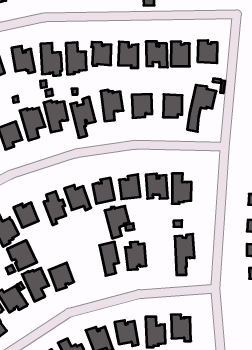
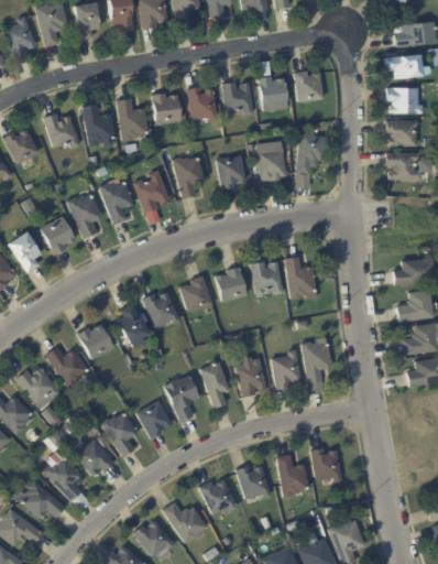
building: [105,206,129,238] -> [164,376,199,422]
building: [7,240,37,271] -> none
building: none -> [270,349,300,390]

